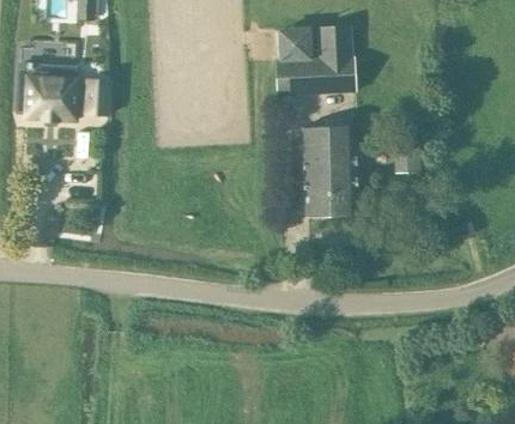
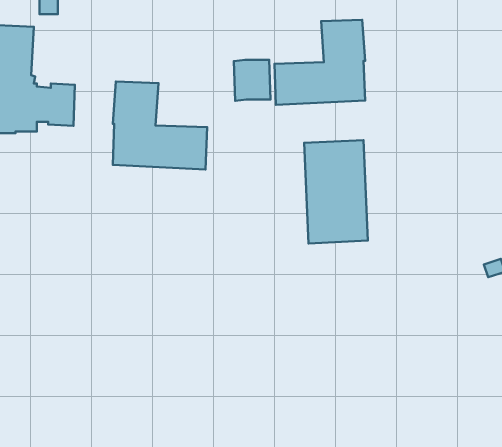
building: [281,25,313,60] -> [234,60,271,101]
building: none -> [113,82,207,169]

